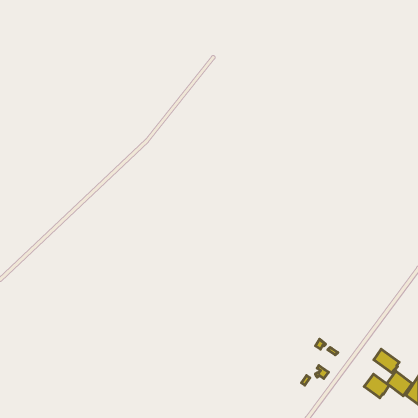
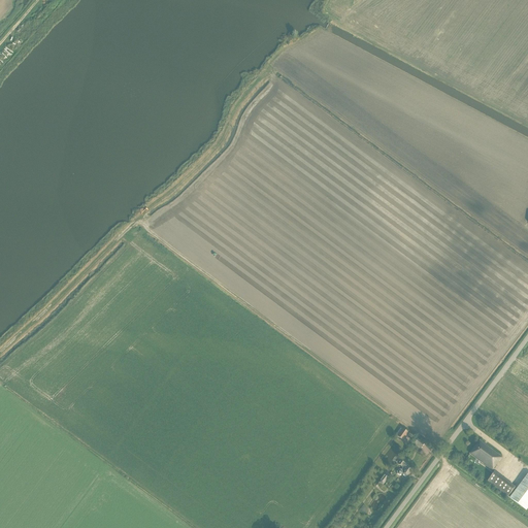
building: [364,374,389,398] -> none

